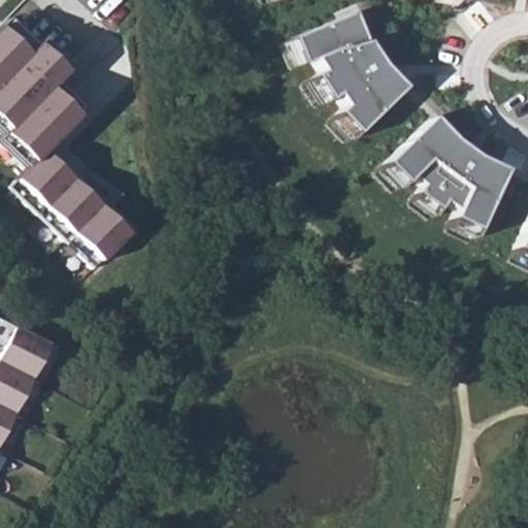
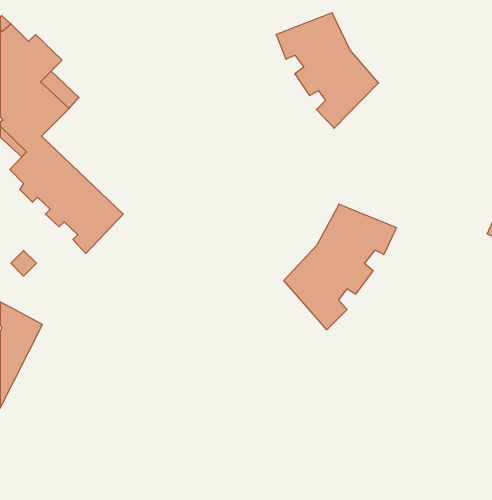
building: [392,116,512,226] -> none
building: none -> [284,204,396,330]

